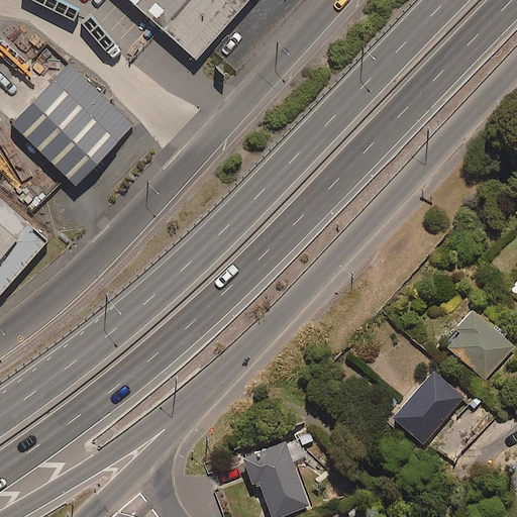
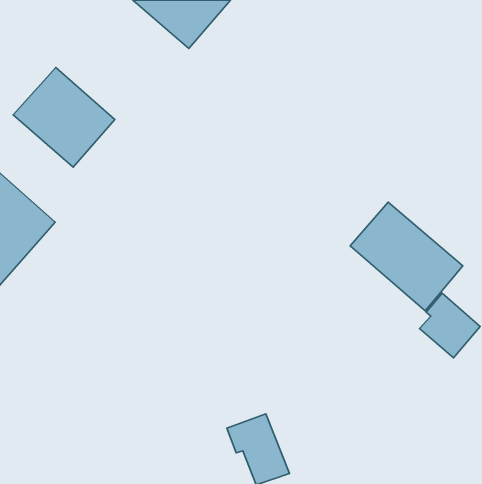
building: none -> [350,202,463,311]
building: [393,370,464,442] -> none

